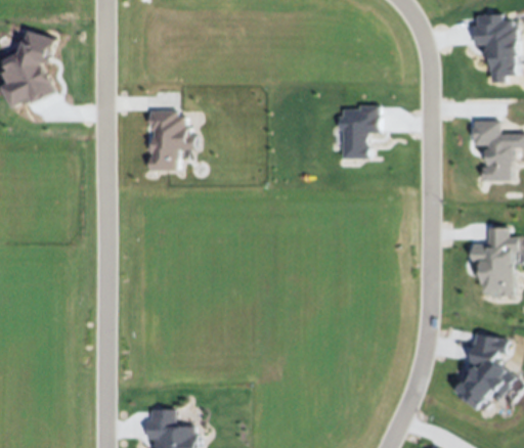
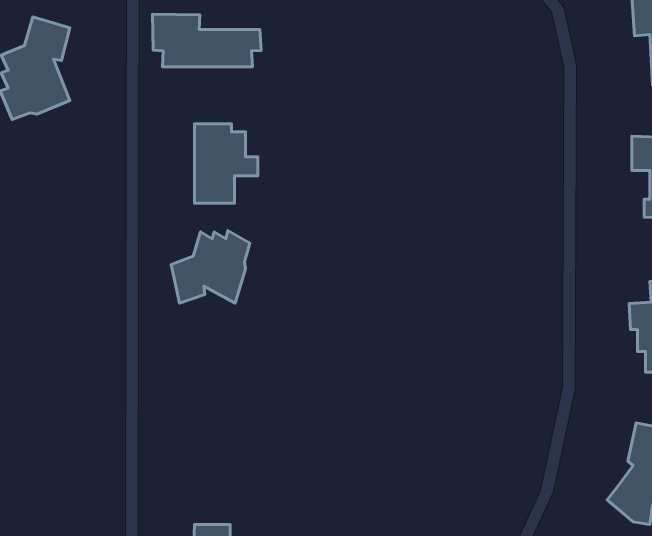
building: none -> [152,14,261,67]
building: [338,105,379,159] -> none
building: none -> [171,230,250,303]

